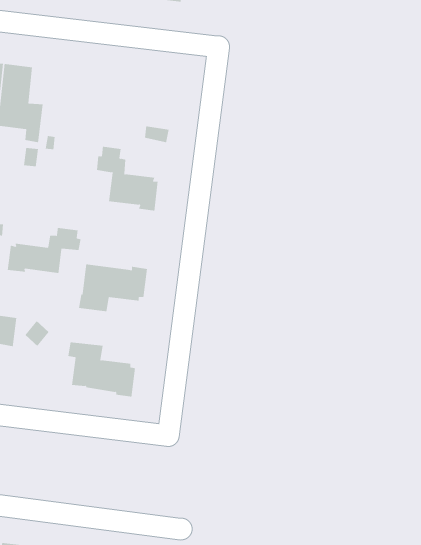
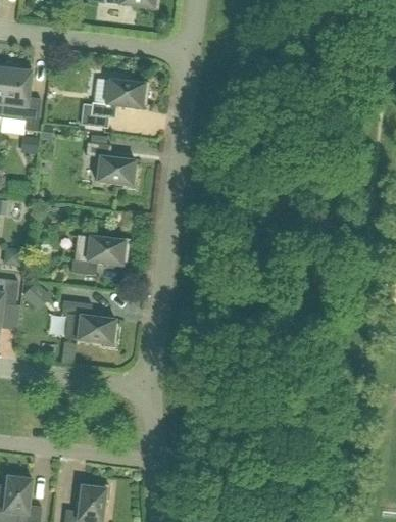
building: none -> [81,79,149,128]
building: [7,227,81,274] -> none

